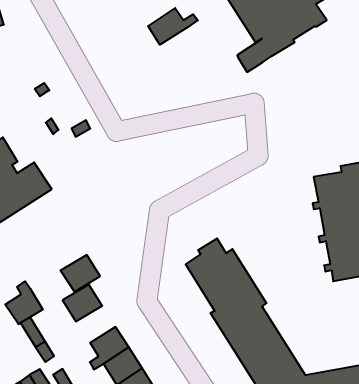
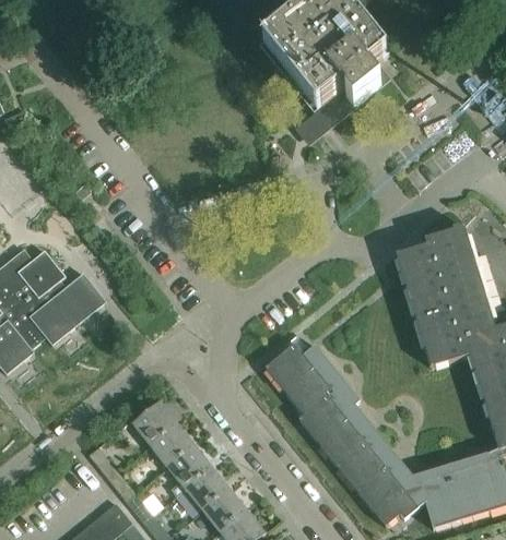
building: [148,8,198,45] -> none
building: [60,255,100,292] -> [150,423,195,466]
building: [5,281,43,324] -> none

